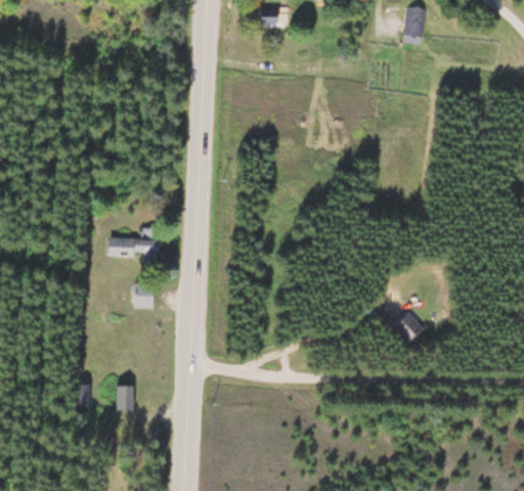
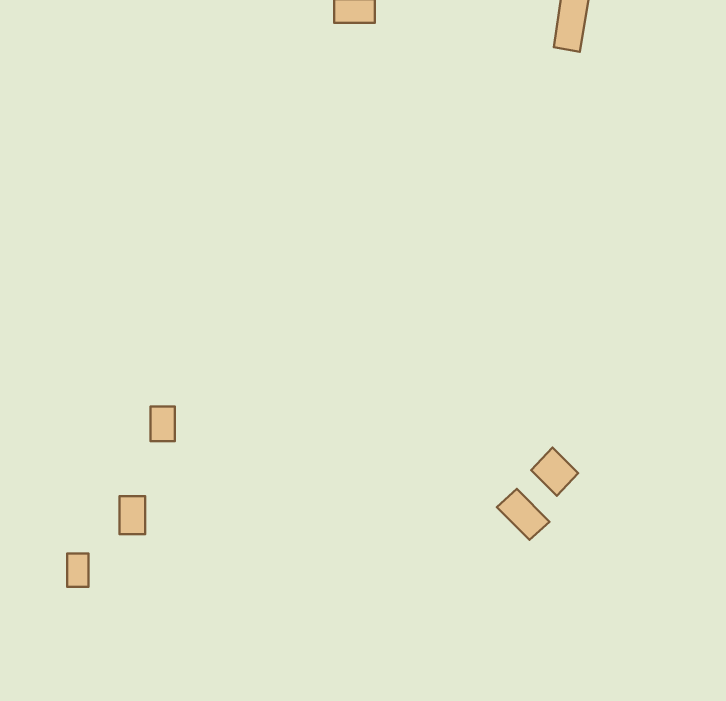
building: [105,238,154,259] -> none
building: none -> [497,489,550,540]
building: [116,385,133,410] -> [120,496,145,534]

